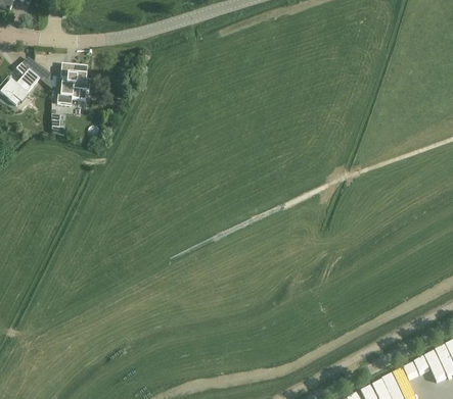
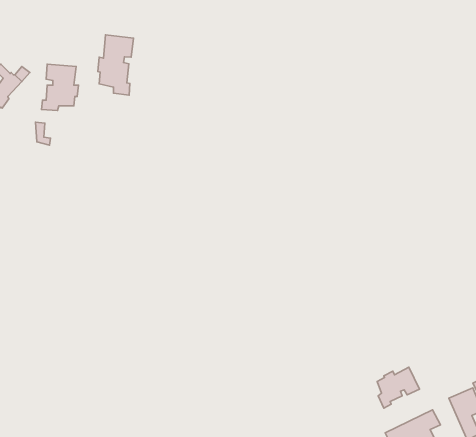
building: none -> [98,35,133,95]
building: none -> [377,367,419,408]

